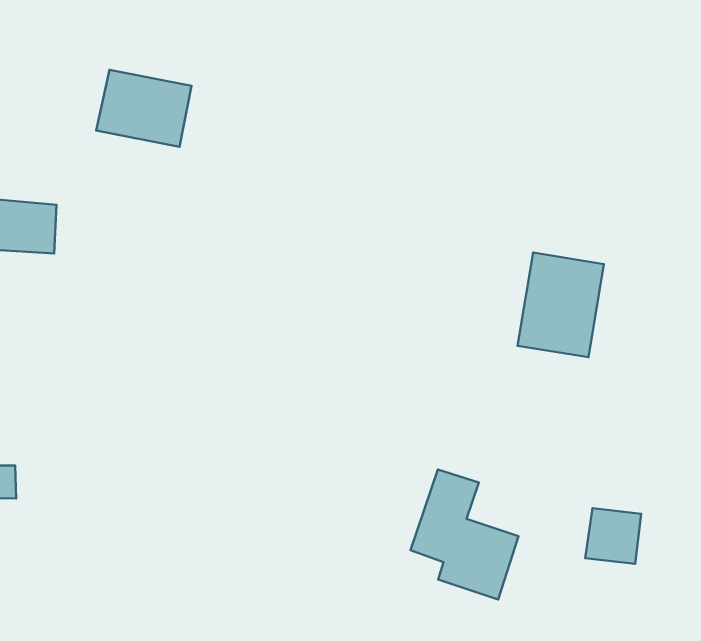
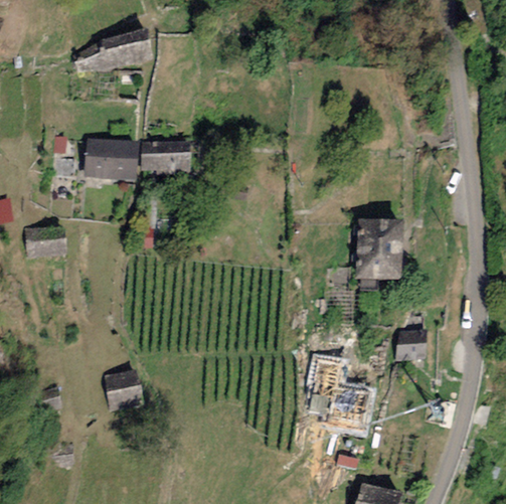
building: none -> [141,140,190,170]
building: none -> [103,368,143,409]
building: [585,508,641,564] -> [395,329,427,360]

